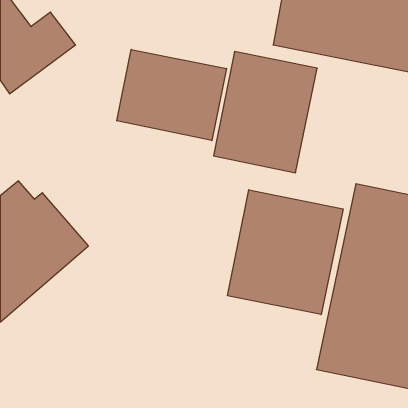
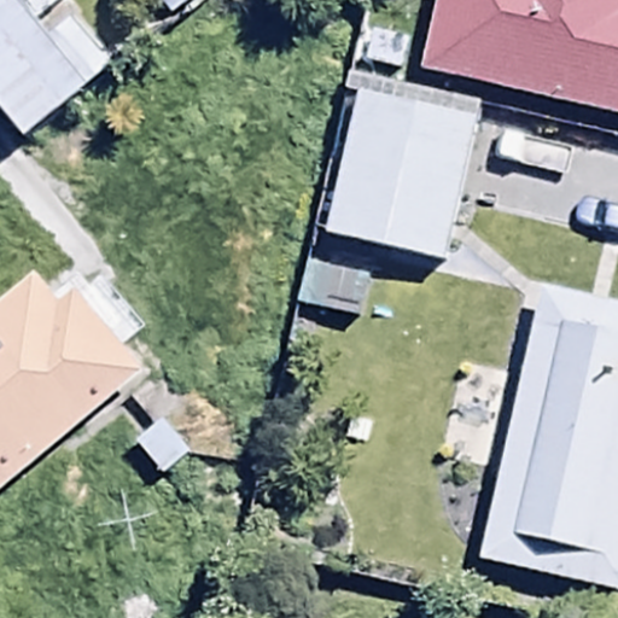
building: [117,49,226,141] -> none
building: [228,190,343,315] -> none

